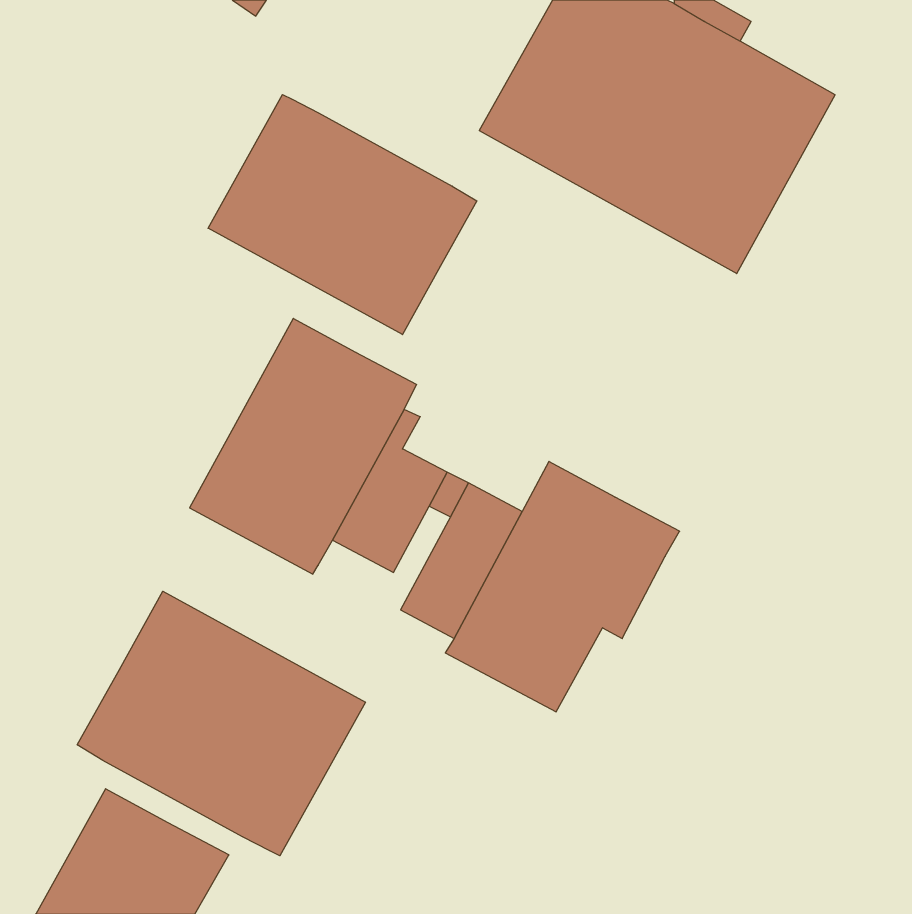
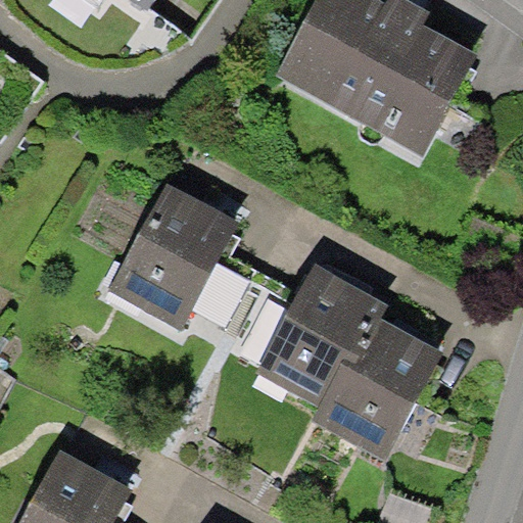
building: [208,95,477,335] -> none
building: none -> [311,318,444,461]
building: [77,591,365,856] -> none

